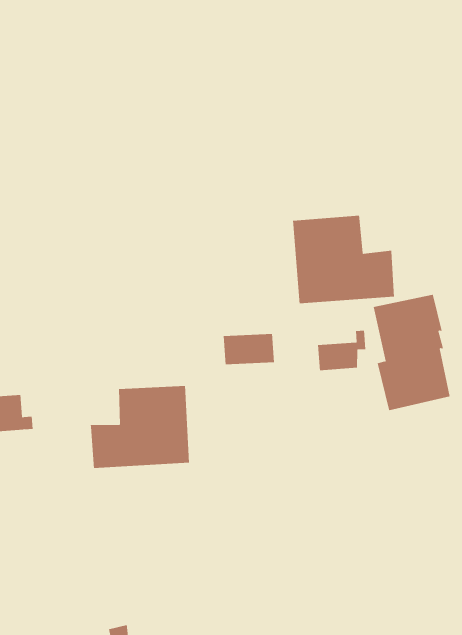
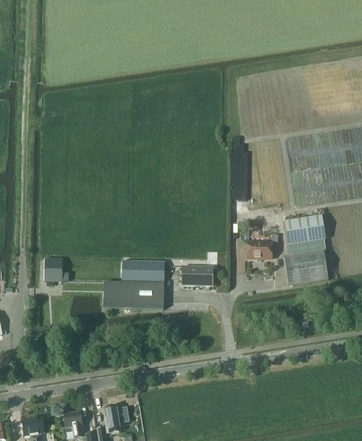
building: [293,215,395,304] -> none
building: [223,334,275,365] -> [181,265,212,284]

